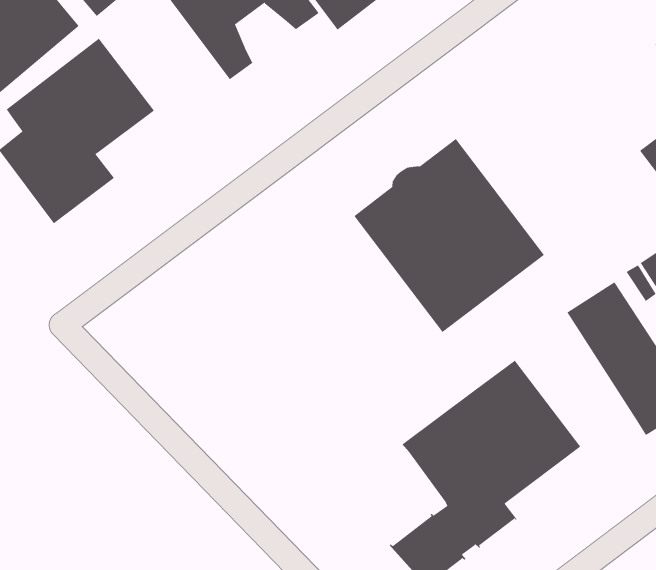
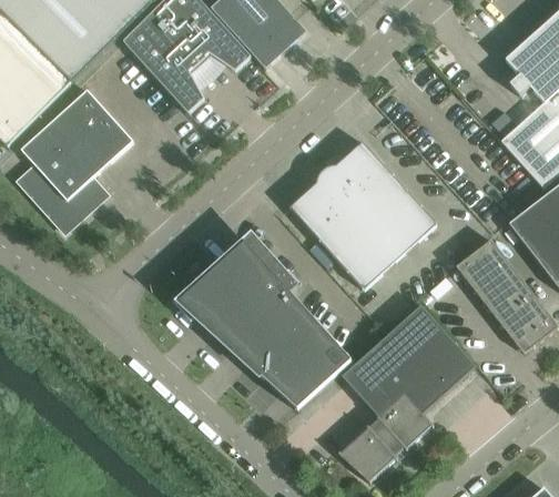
building: none -> [175,242,352,408]

